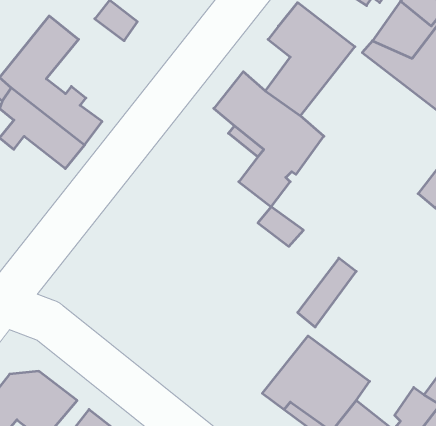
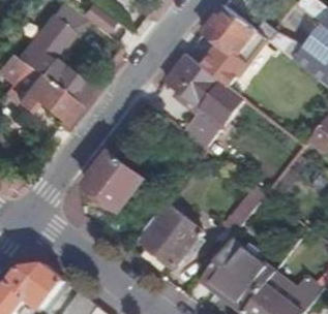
building: none -> [84,152,144,211]
building: none -> [139,206,202,266]

